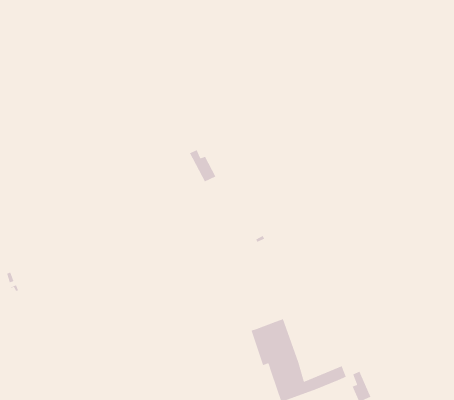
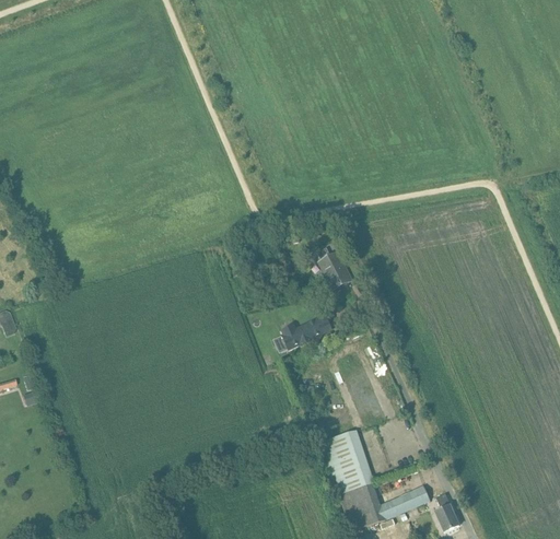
building: [189,149,216,182] -> [316,246,349,285]
building: none -> [282,318,322,348]

